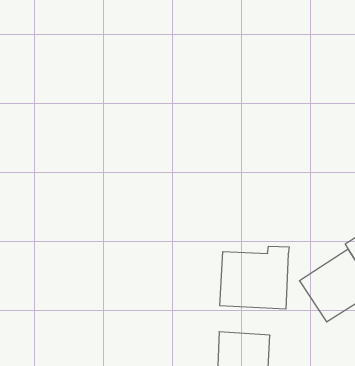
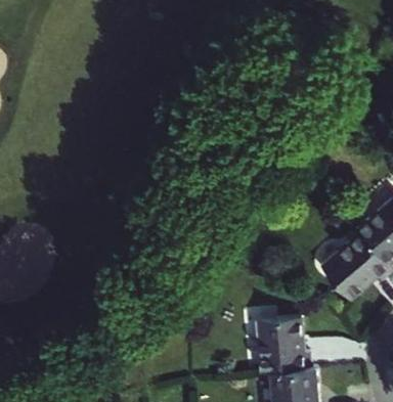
building: [220,246,289,309] -> none

